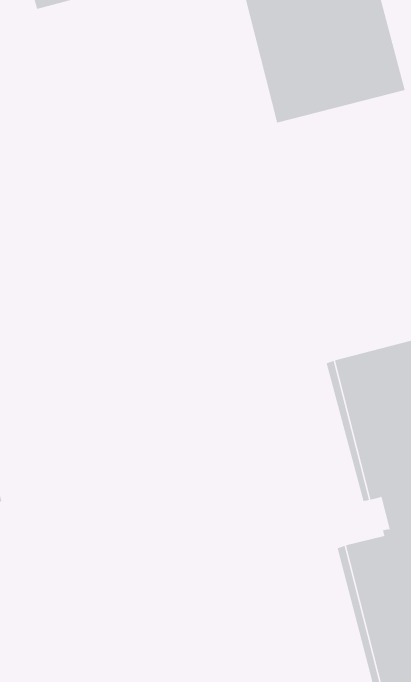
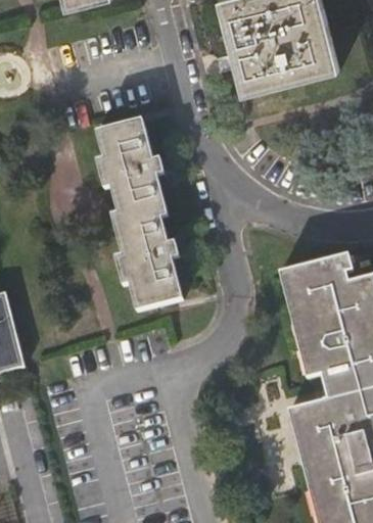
building: none -> [94,121,186,310]

